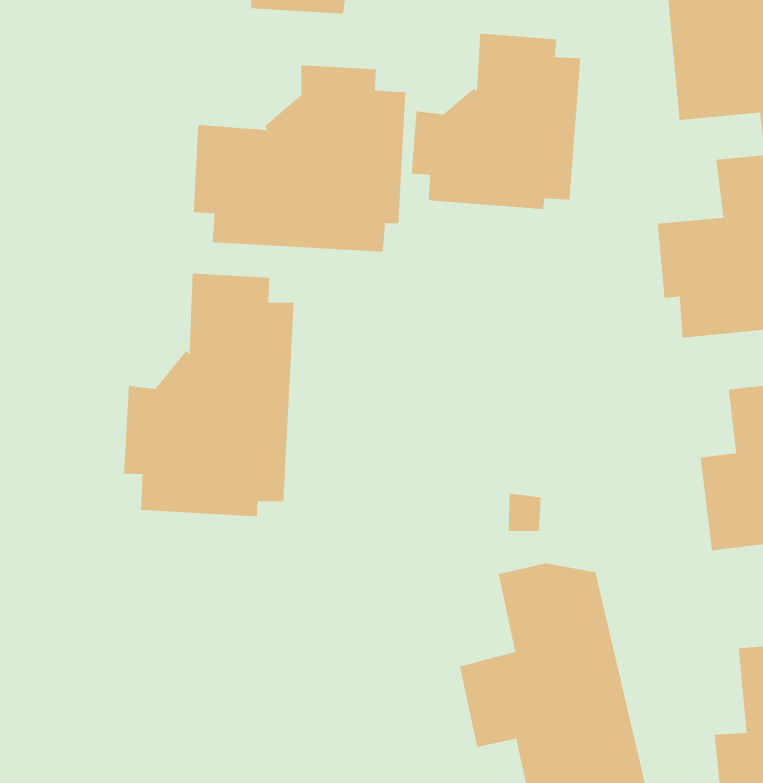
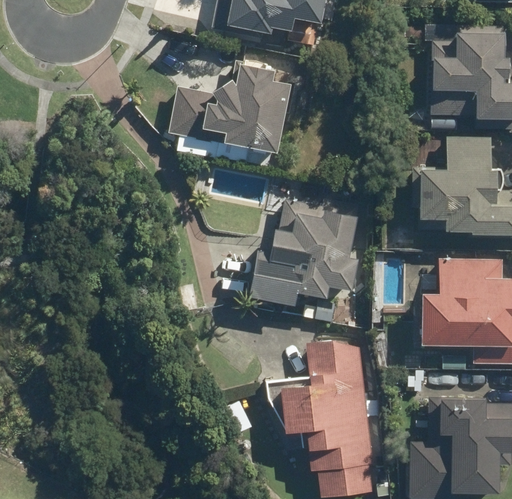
building: [411,33,581,210] -> none
building: [124,273,294,517] -> none
building: none -> [248,199,360,307]

